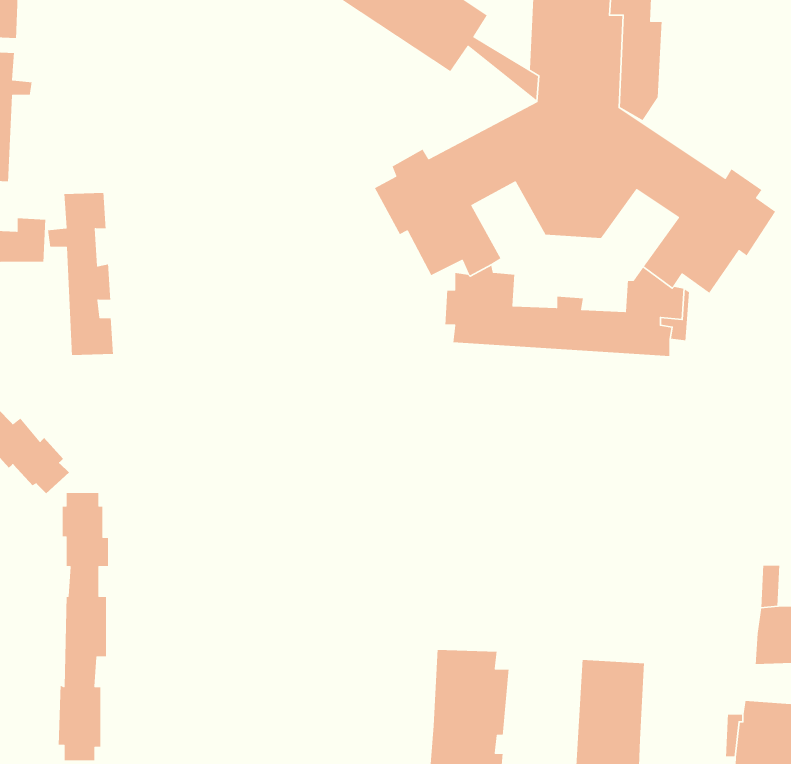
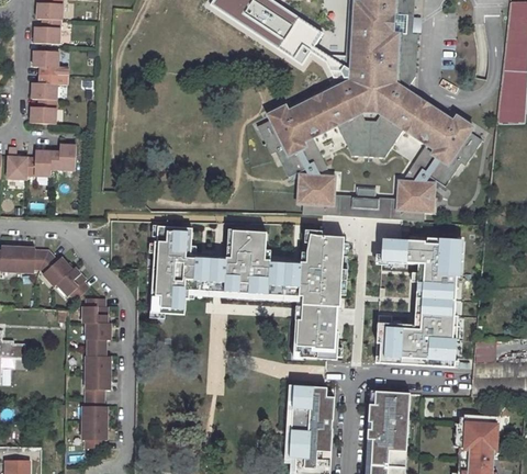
building: [47,192,114,356] -> none
building: none -> [152,225,344,358]
building: none -> [373,235,463,366]

